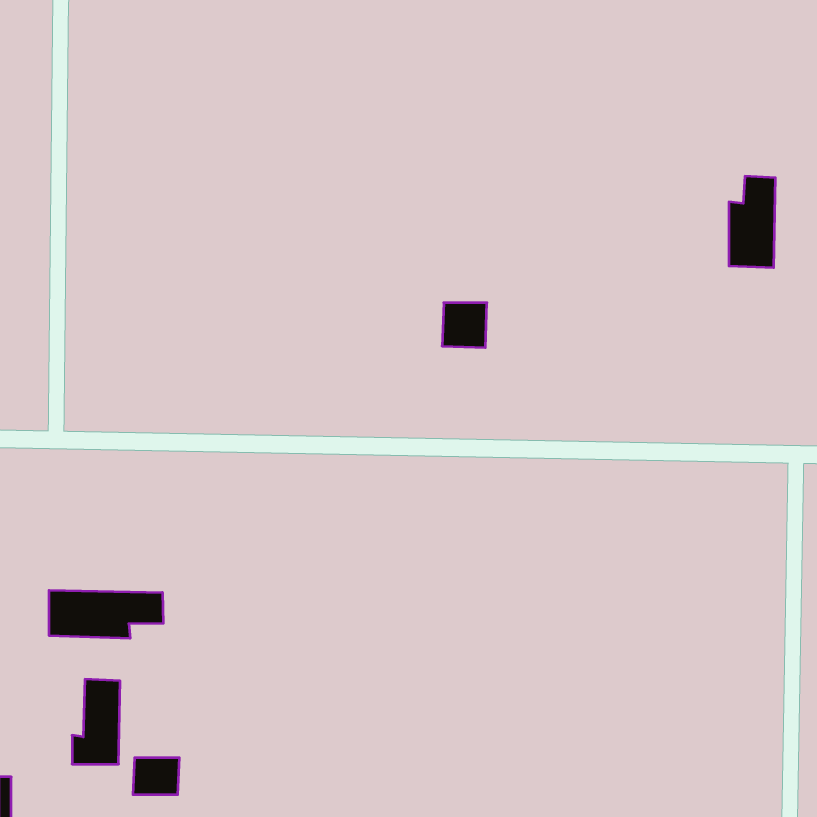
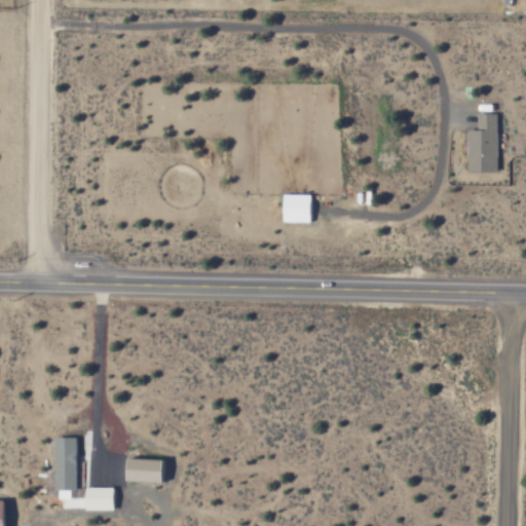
building: [49,590,163,638] -> none
building: none -> [129,457,166,482]

